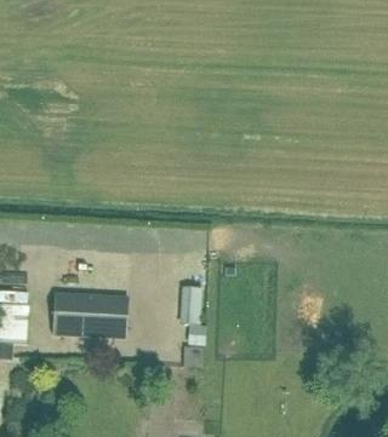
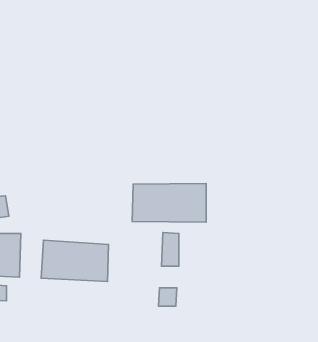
building: none -> [132,183,206,222]

